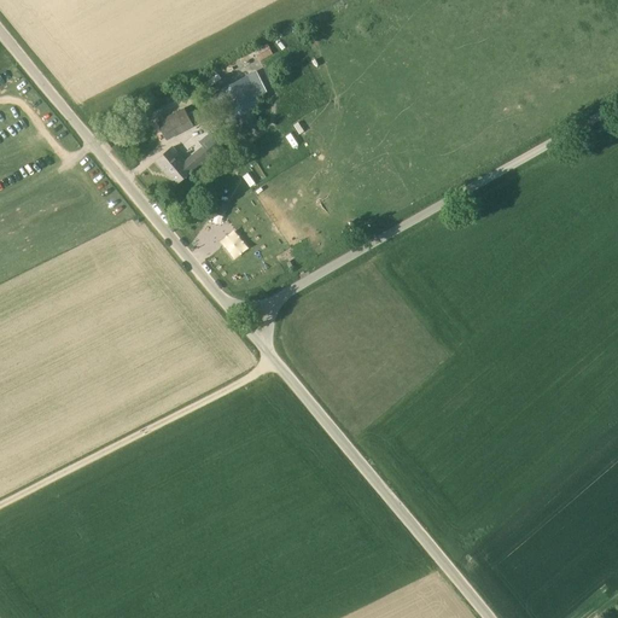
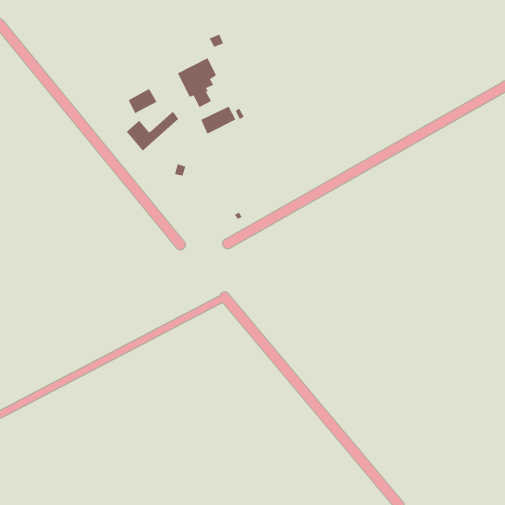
building: none -> [201,106,236,135]

